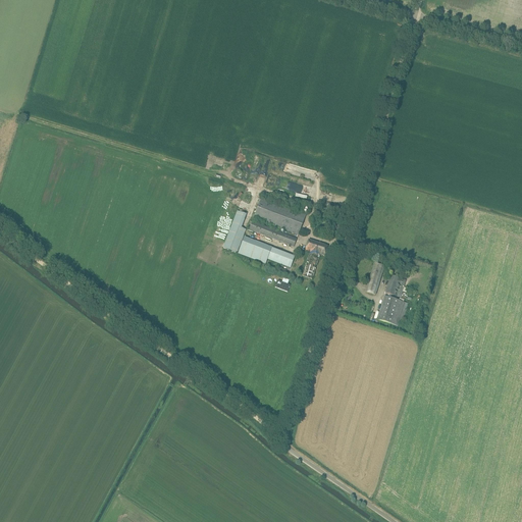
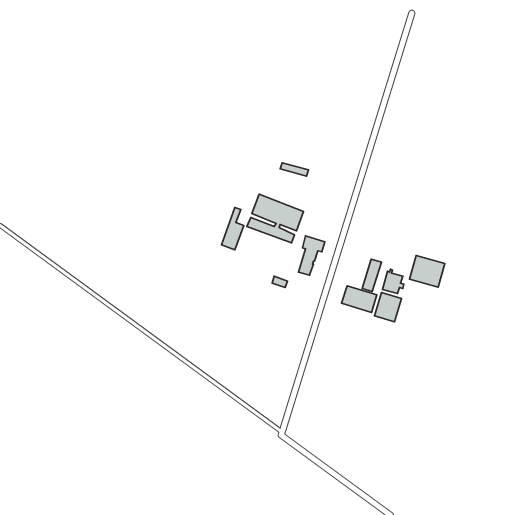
building: [239,236,295,266] -> none
building: none -> [410,256,445,287]
building: none -> [342,286,377,312]

